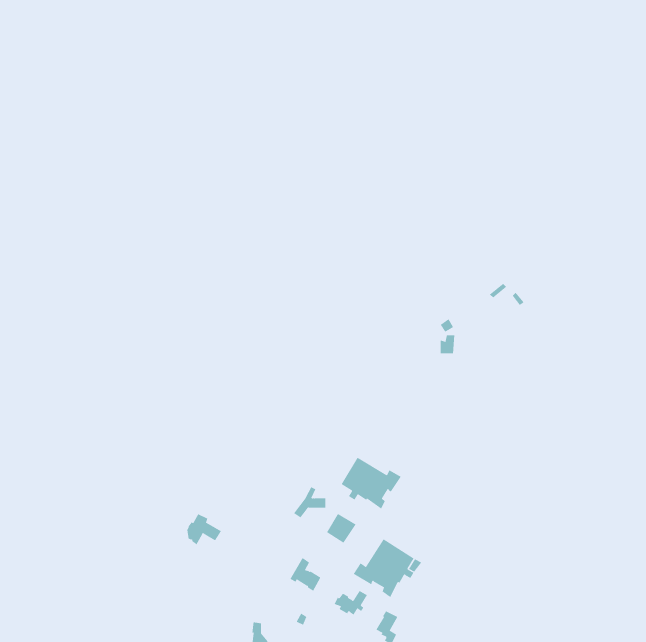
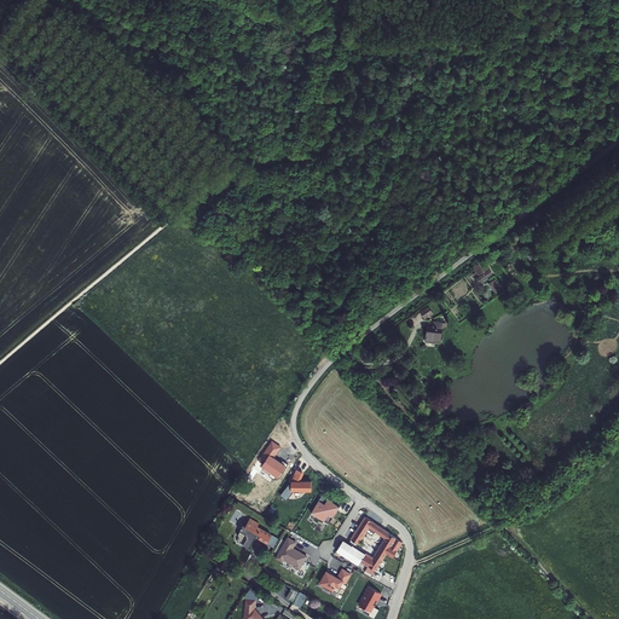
building: [341,457,401,510] -> none
building: none -> [259,441,289,479]
building: [187,514,222,545] -> [239,519,273,549]

